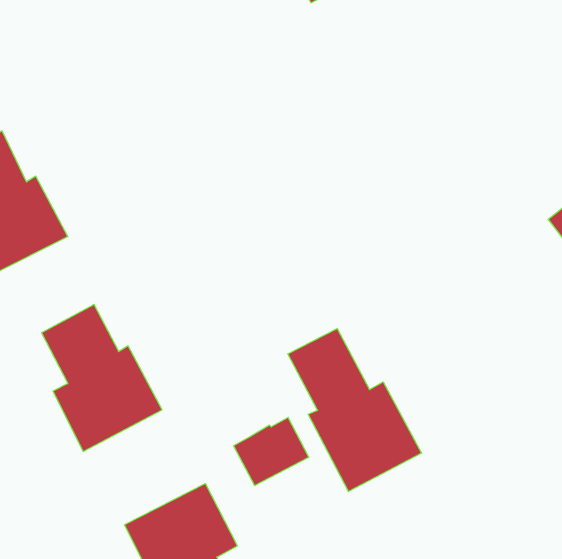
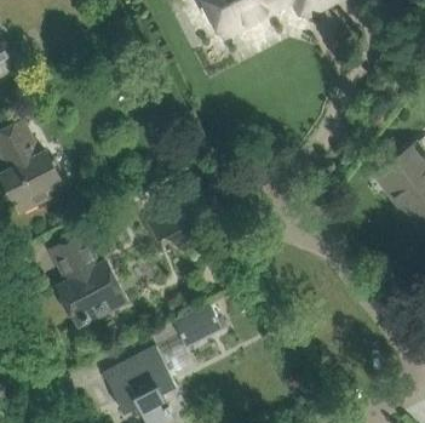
building: [288,329,422,492] -> none

